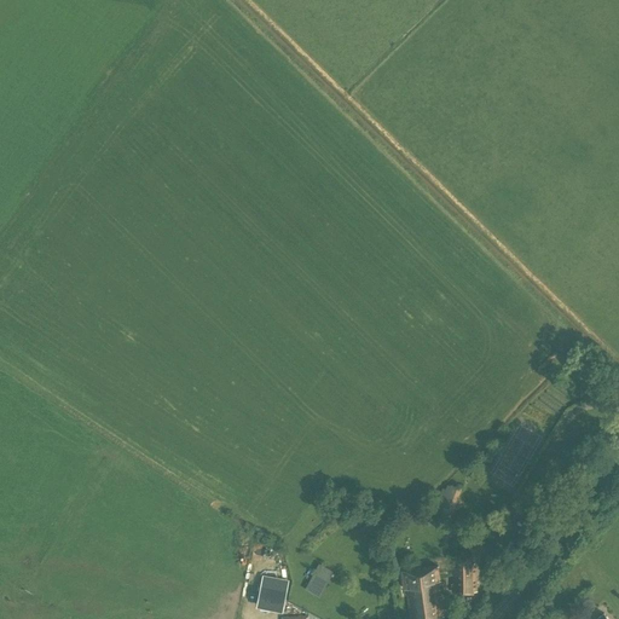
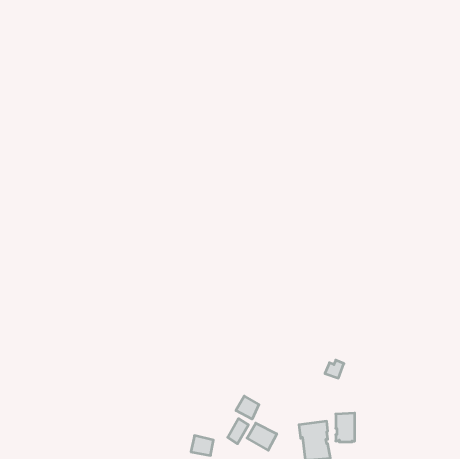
building: none -> [236,396,259,419]
building: none -> [247,423,277,450]

